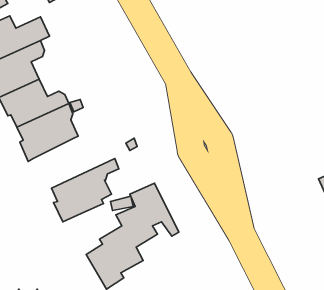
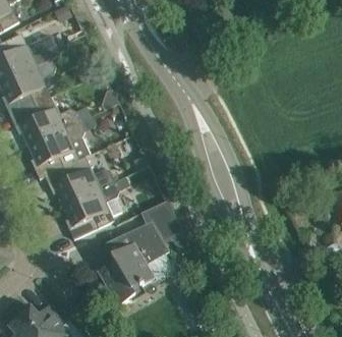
building: none -> [39,156,114,206]

